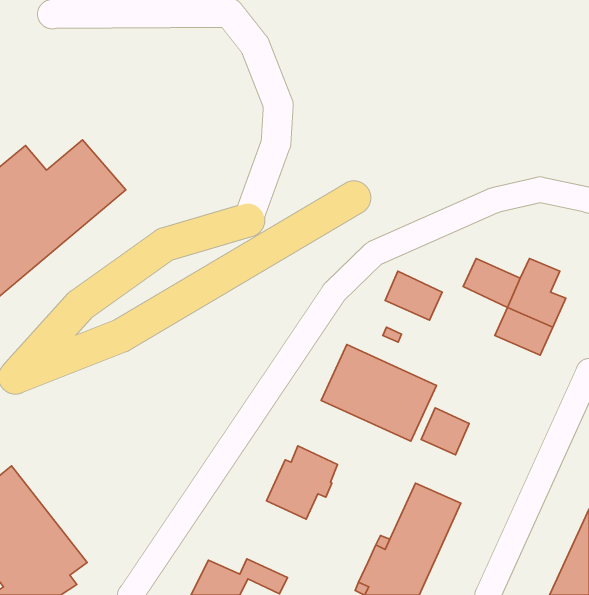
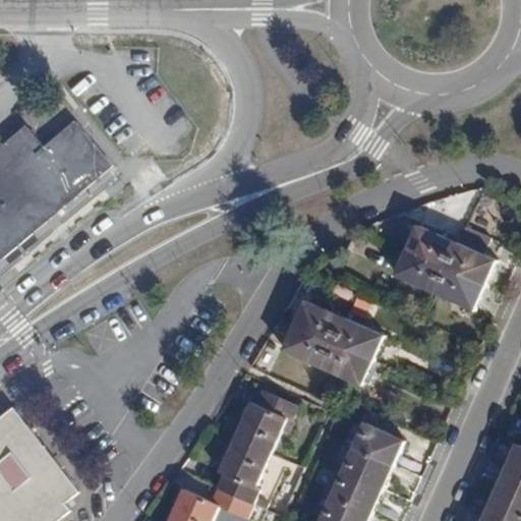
building: [385,271,442,320] -> [394,250,444,293]
building: [421,408,469,455] -> none
building: none -> [216,438,268,505]

